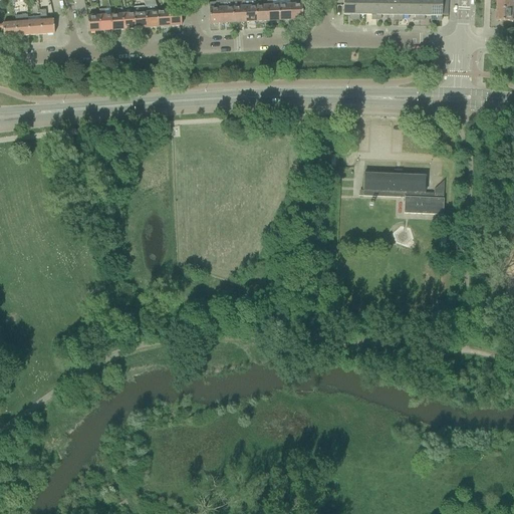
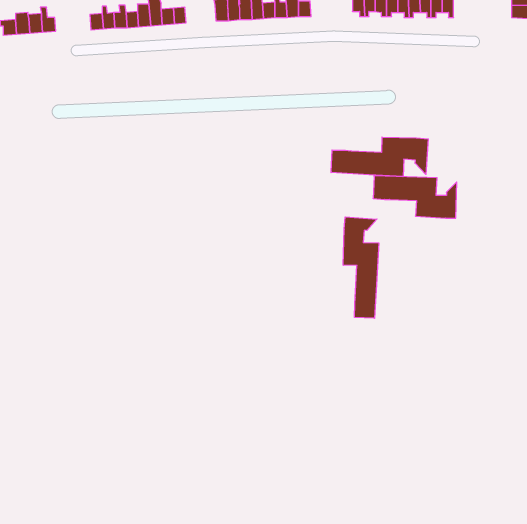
building: none -> [331,137,428,177]
building: none -> [343,217,379,318]

